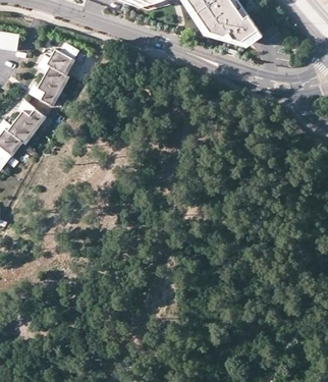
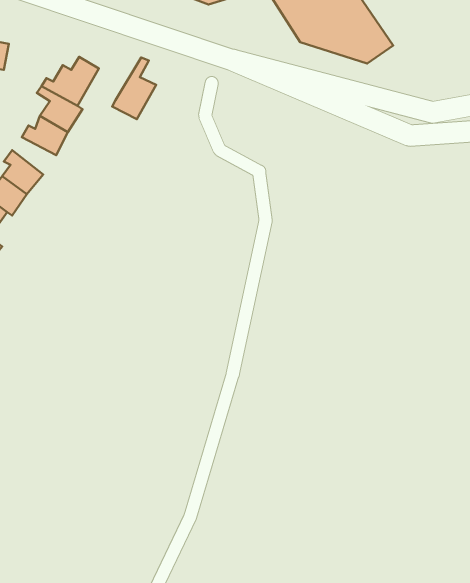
building: none -> [112,57,156,119]

